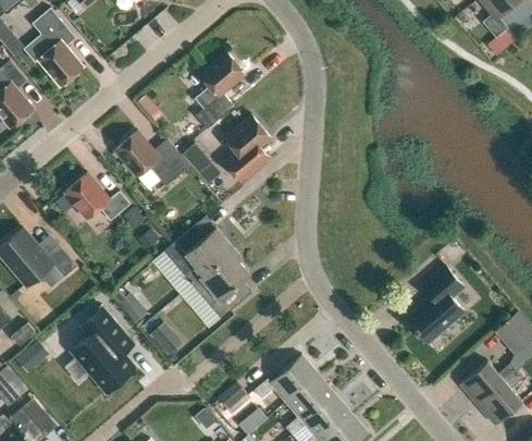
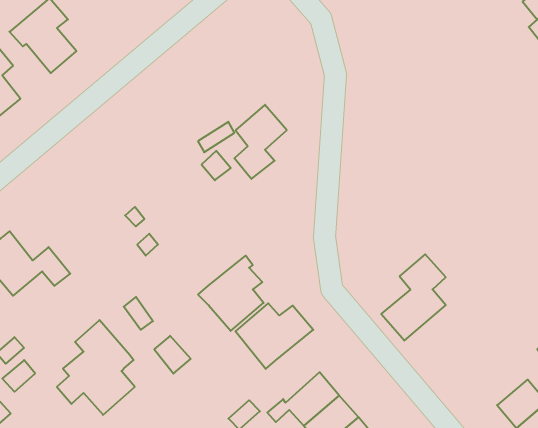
building: [195,52,246,130] -> none
building: [113,132,189,186] -> none
building: [63,173,131,222] -> none
building: [164,226,234,285] -> [235,303,313,369]
building: [406,267,463,344] -> [381,254,446,341]

